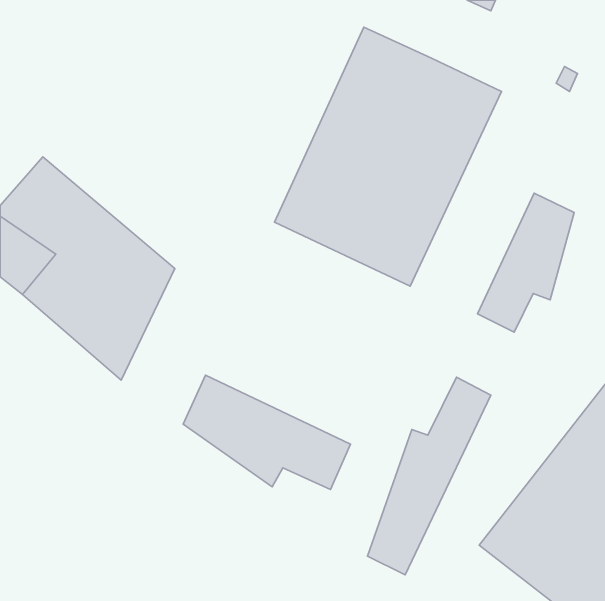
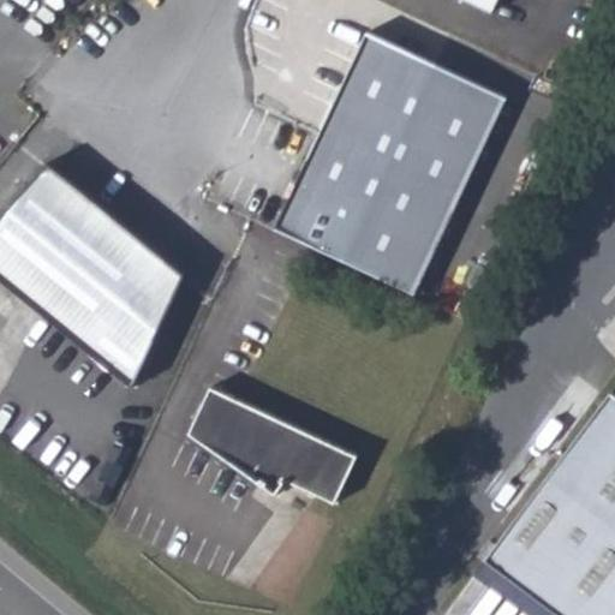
building: [477,193,574,332] -> none
building: [368,377,491,575] -> none

